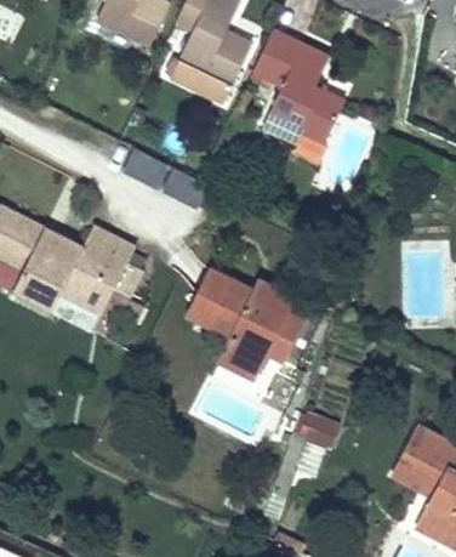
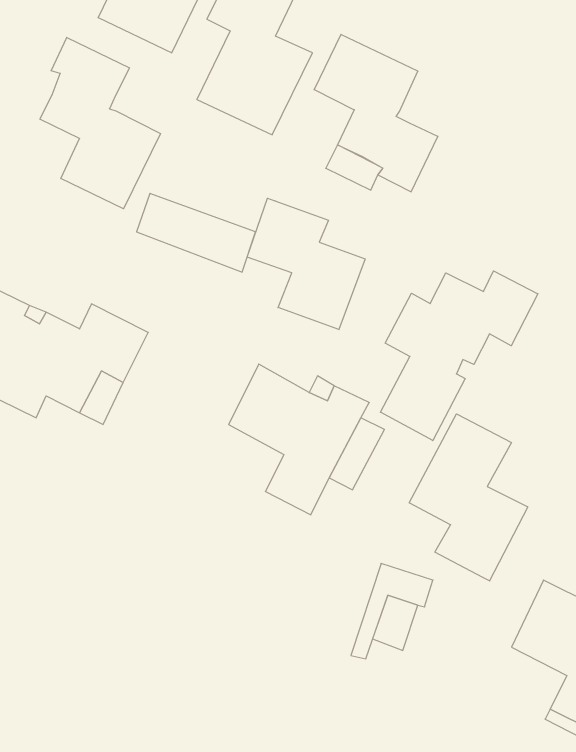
building: none -> [40,37,161,209]
building: none -> [247,198,365,330]
building: none -> [380,271,538,441]
building: none -> [409,414,528,581]

